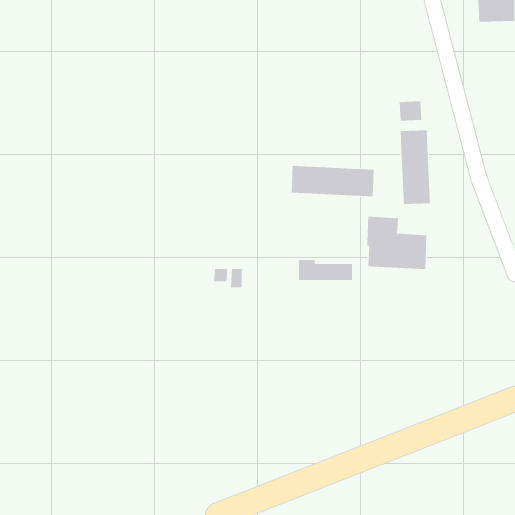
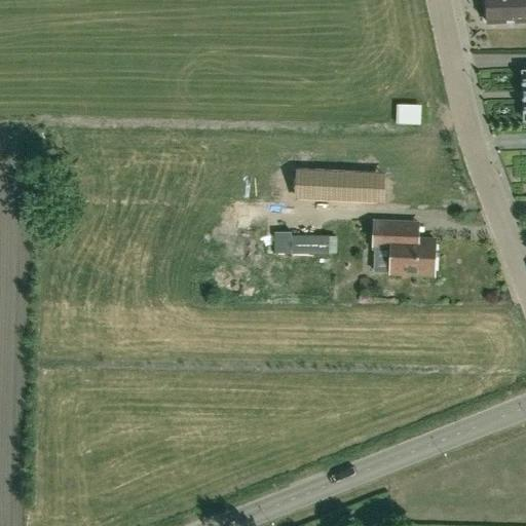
building: [400,129,431,205] -> none
building: [298,259,353,281] -> [272,230,328,252]

